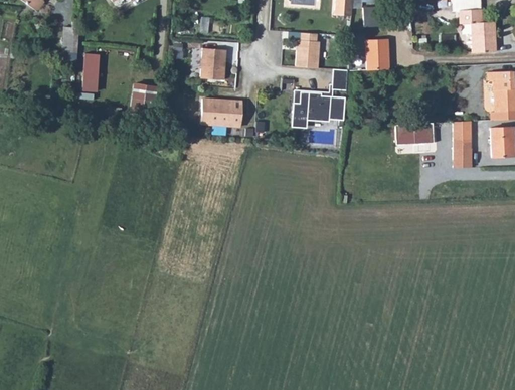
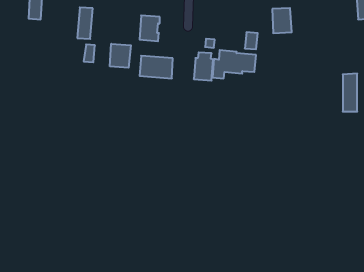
building: [296,33,320,68] -> [194,52,213,81]
building: [82,51,102,90] -> [77,7,93,39]
building: none -> [110,44,131,68]
building: [395,123,435,145] -> none

